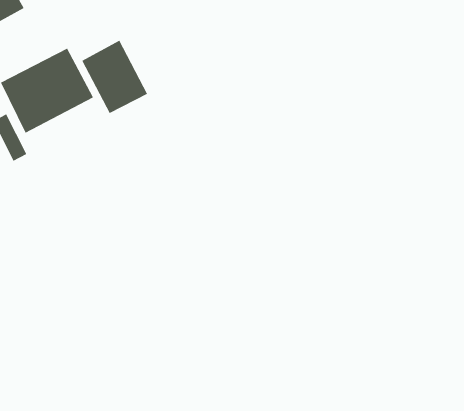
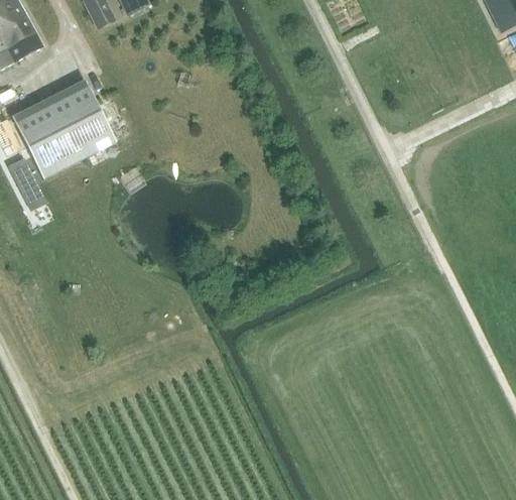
building: [81,40,148,114] -> none

